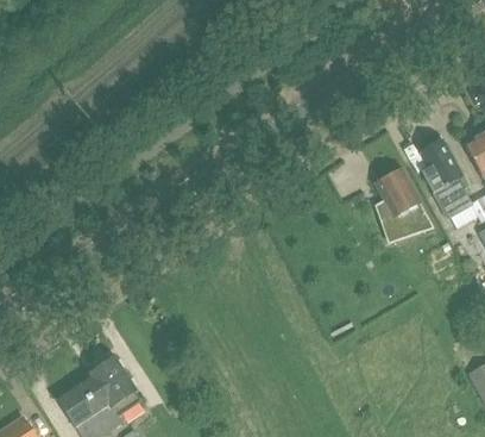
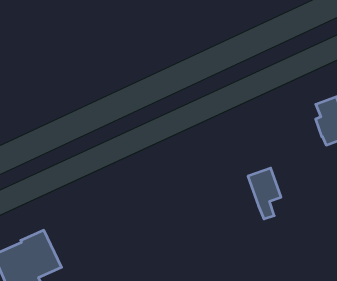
building: [376,169,420,232] -> [248,168,281,219]

